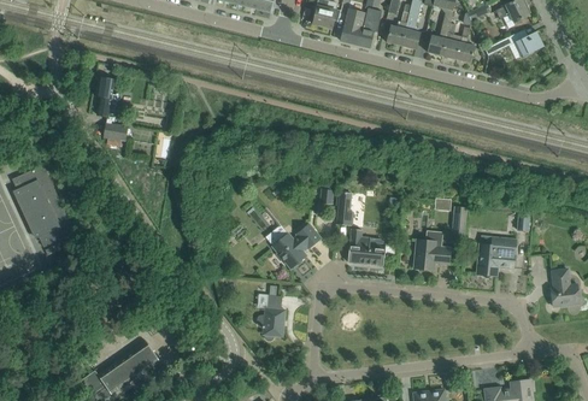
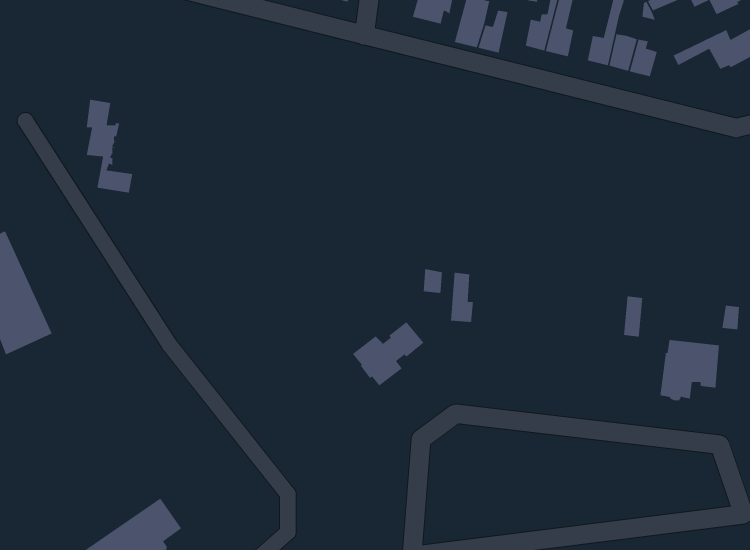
building: [347,229,386,265] -> none
building: [413,231,449,270] -> none
building: [257,295,284,341] -> none

